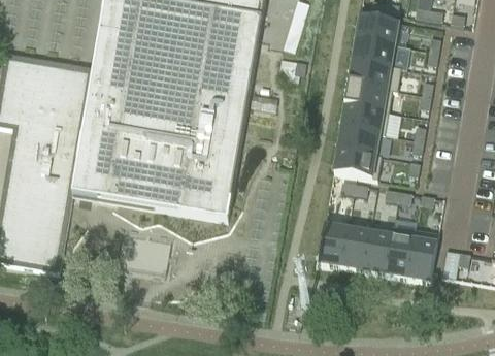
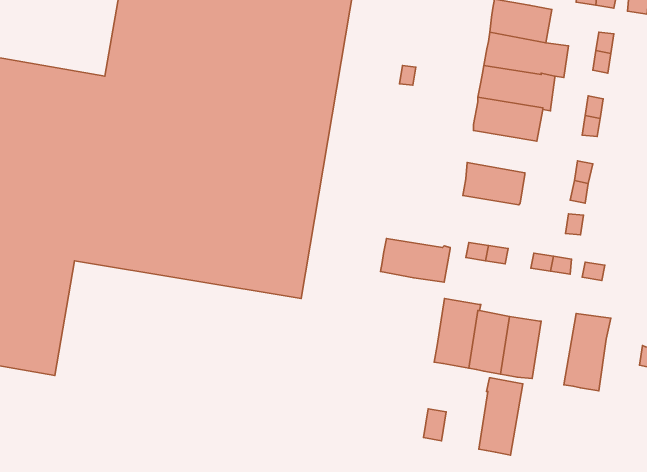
building: [341,103,389,134] -> none
building: [334,148,382,177] -> [381,238,450,282]
building: [386,224,416,277] -> [479,378,523,455]

